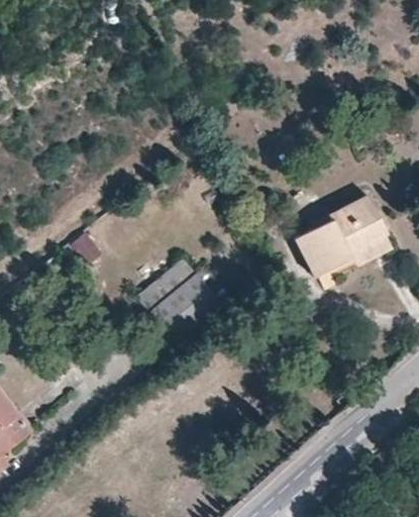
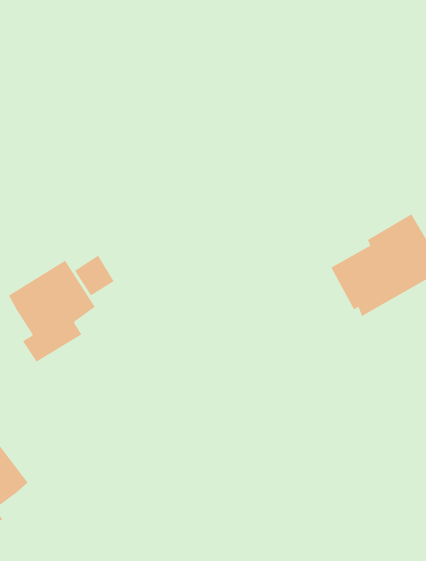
building: none -> [8,260,95,362]
building: [137,263,217,342] -> none

